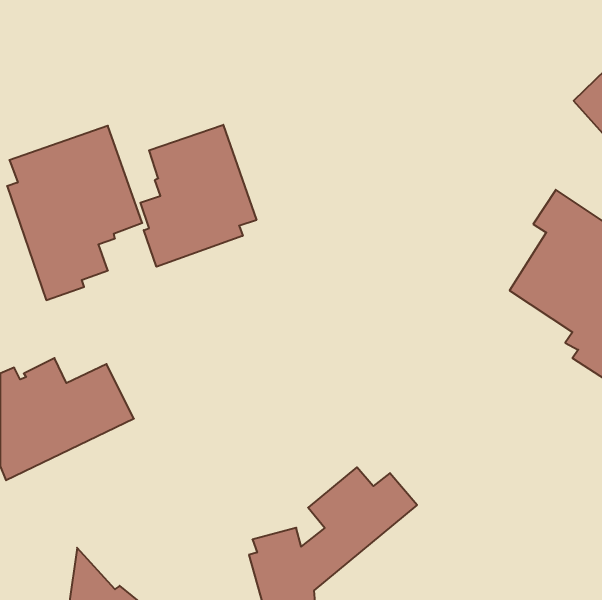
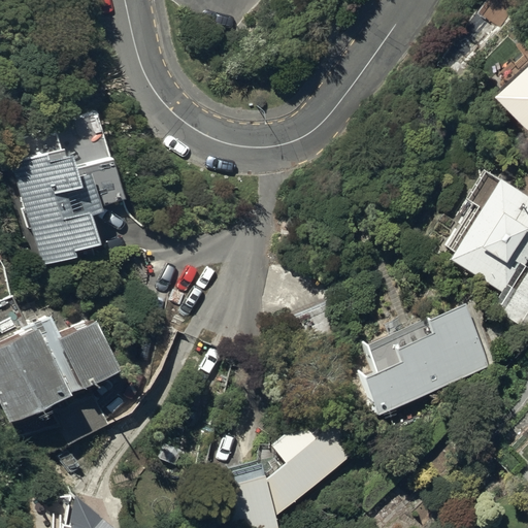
building: [140,125,256,267] -> none
building: none -> [361,305,492,434]

